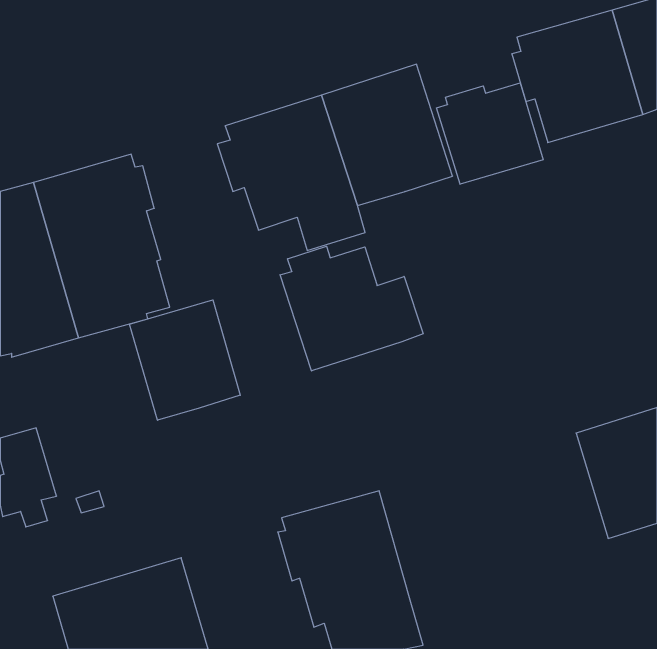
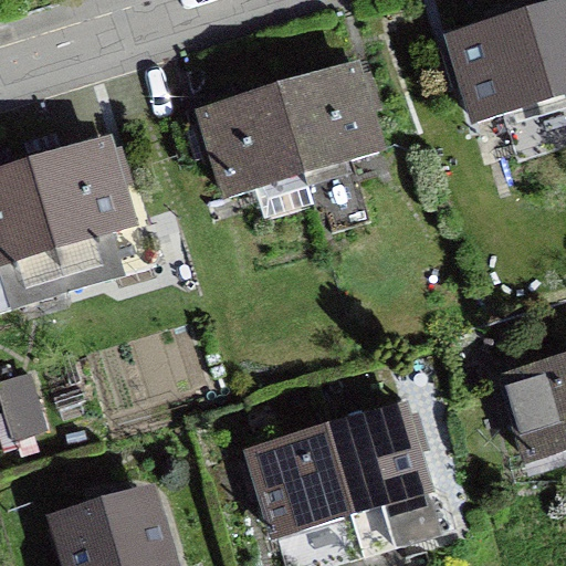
building: [437,83,543,184] -> none
building: [280,246,423,371] -> none
building: [130,300,240,420] -> none
building: none -> [326,399,441,546]

